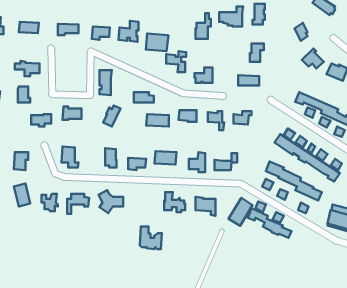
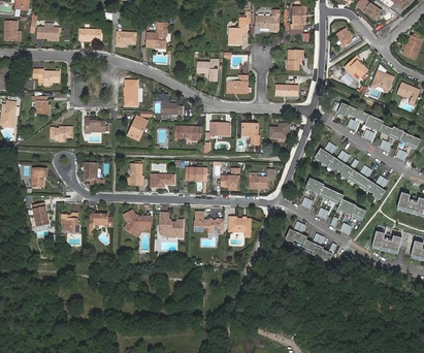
building: [146,34,168,51] -> none
building: [229,198,252,226] -> none
building: [140,226,162,249] -> [160,212,184,236]

